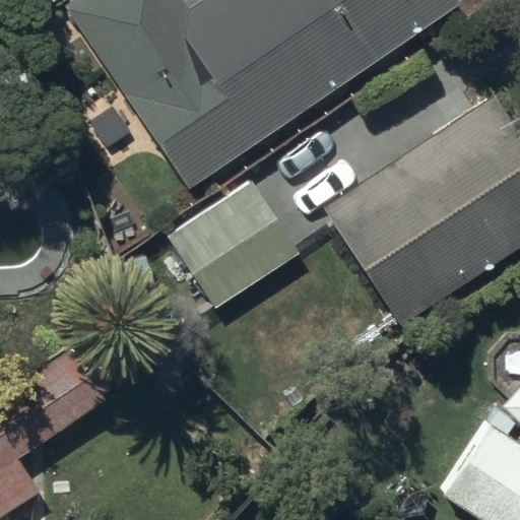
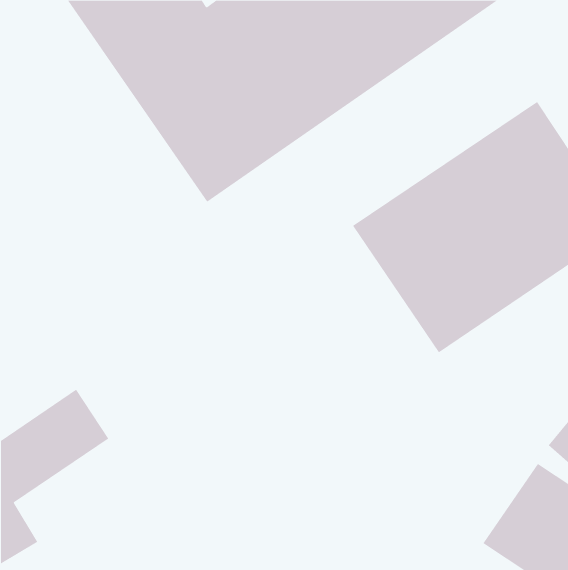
building: [164,178,300,311] -> none

